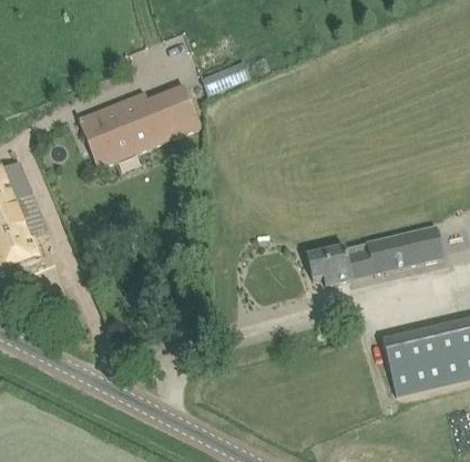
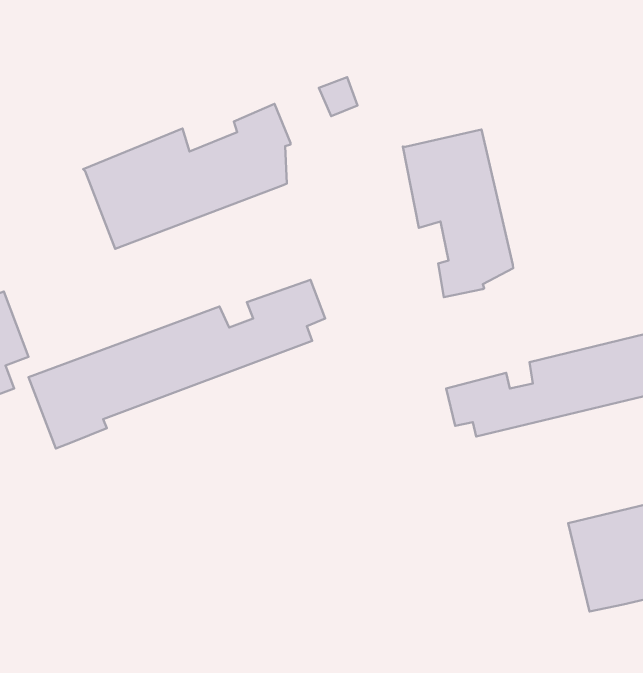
building: none -> [403,130,513,297]
building: none -> [28,280,325,449]

